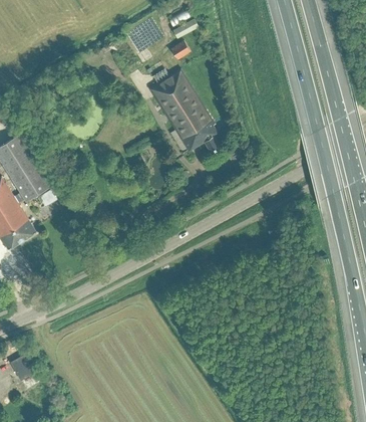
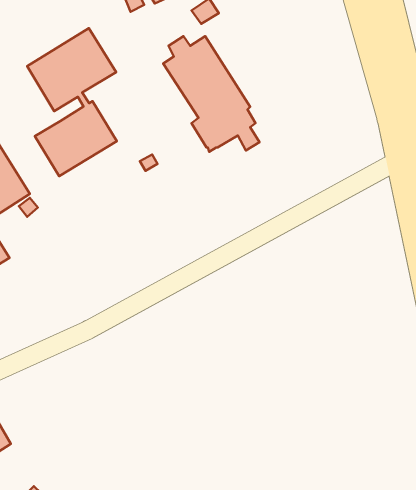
building: none -> [27,28,117,176]

